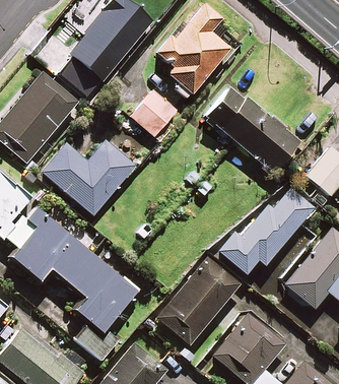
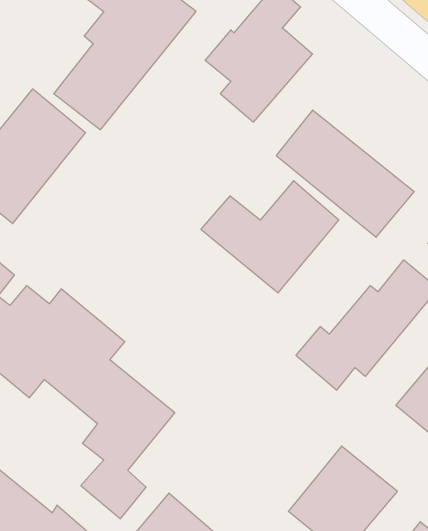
building: [131,91,177,137] -> none
building: [42,140,134,215] -> [201,181,339,293]
building: [157,258,240,345] -> none

